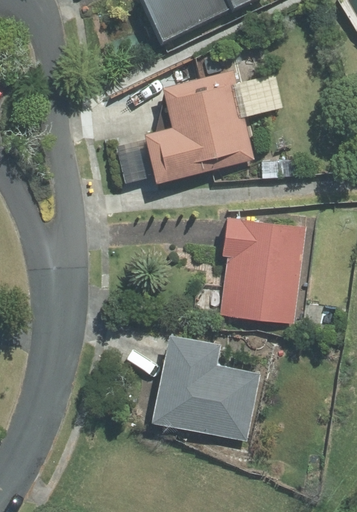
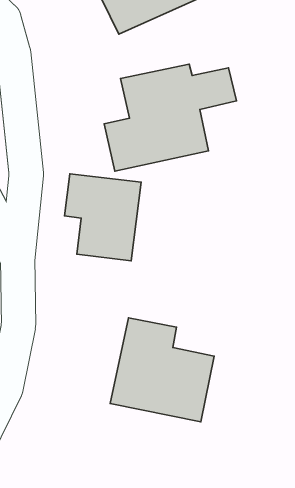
building: none -> [65,174,141,261]
building: [219,216,304,324] -> none

